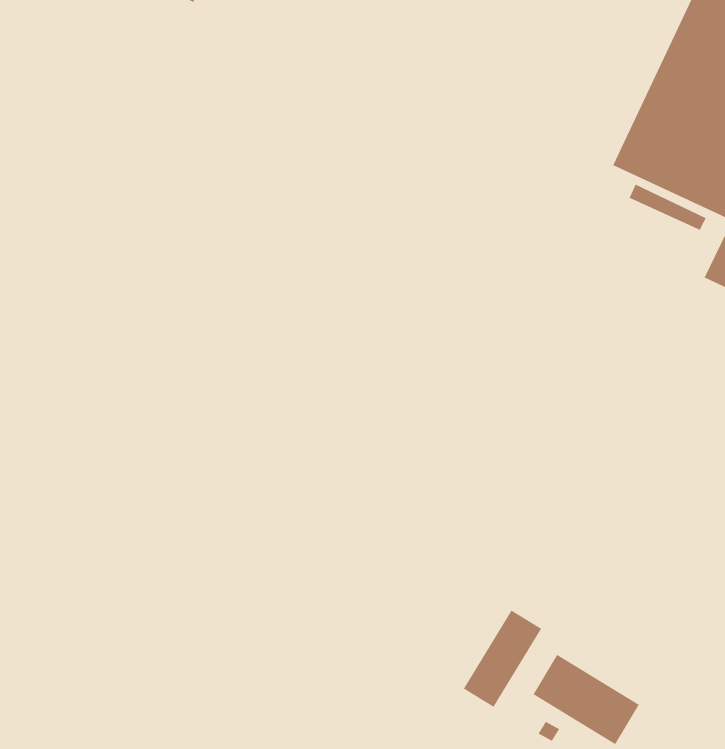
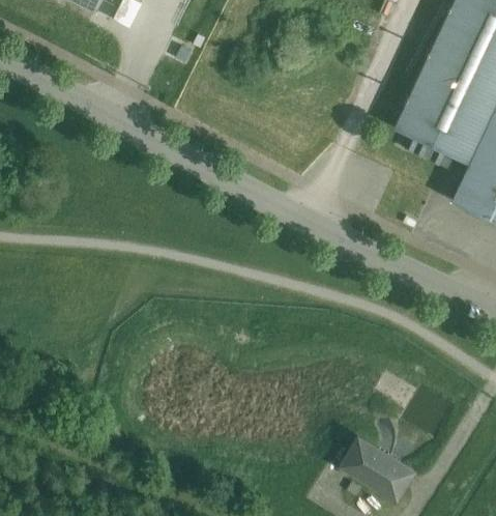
building: [463,609,542,708] -> none

